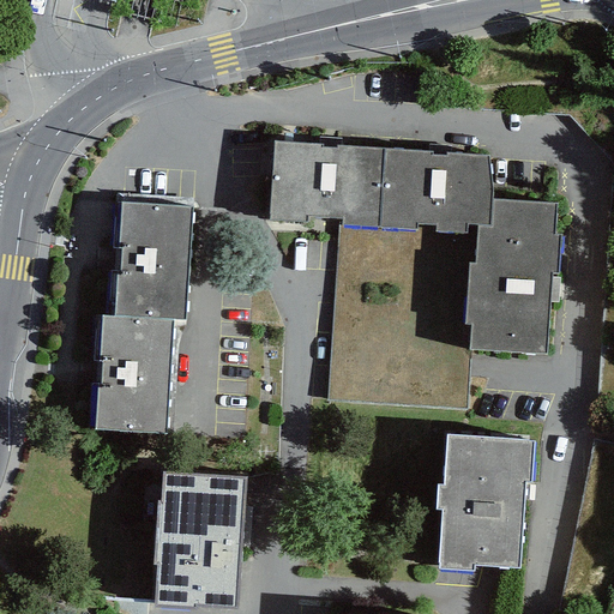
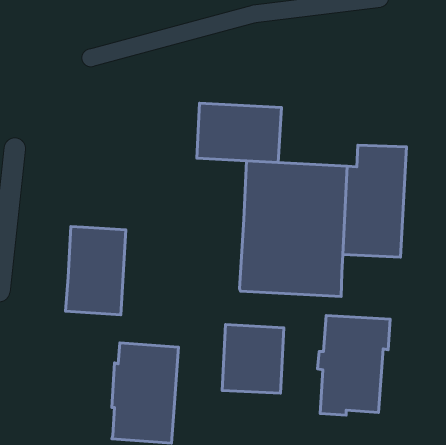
building: [381,148,493,229] -> none
building: [114,200,192,317] -> none
building: none -> [222,324,284,393]

